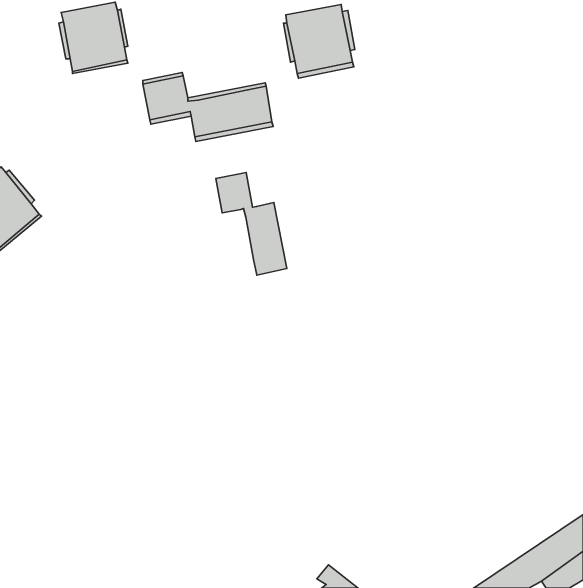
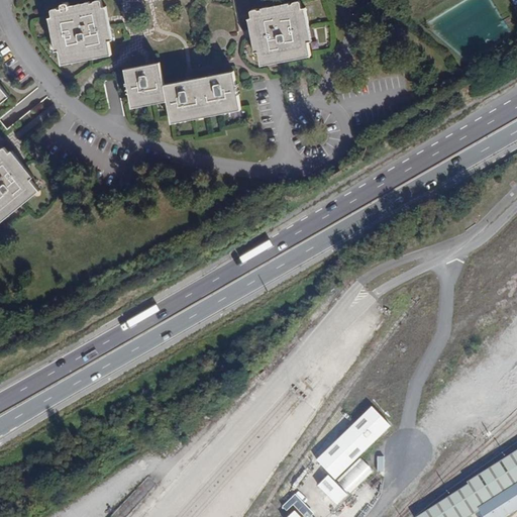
building: [216,173,287,275] -> none
building: none -> [311,406,386,511]

